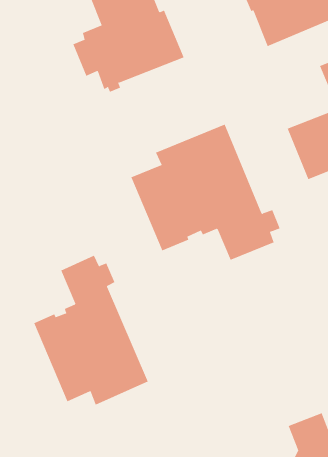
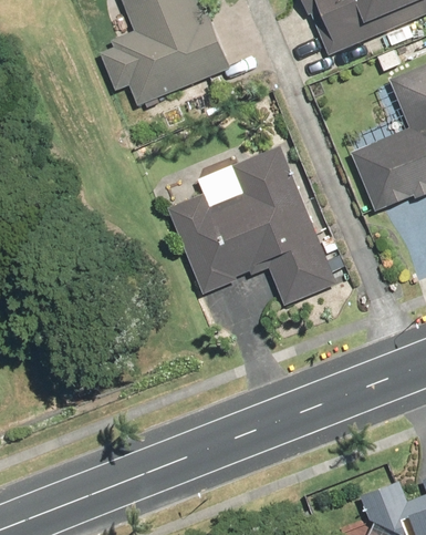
building: [33,255,149,406] -> none

